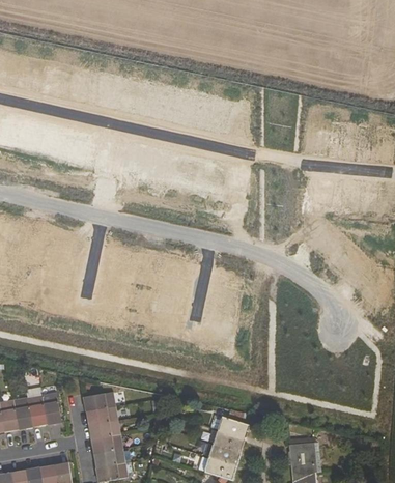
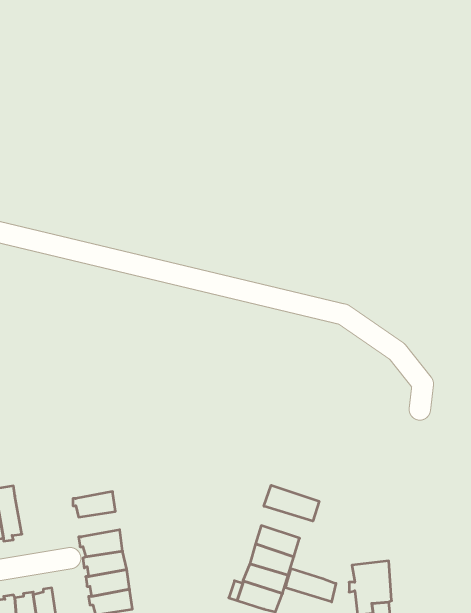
building: none -> [264,485,319,521]
building: [40,393,60,425] -> none
building: [85,406,117,425] -> none
building: none -> [284,569,336,602]

